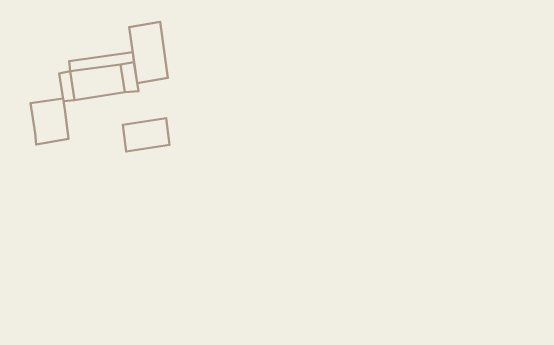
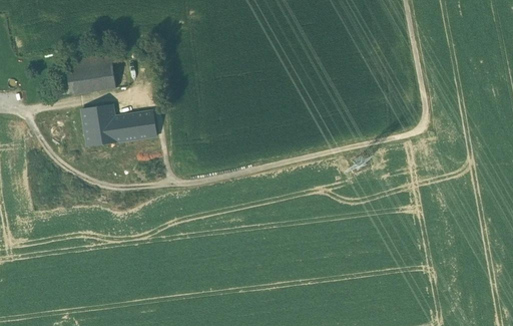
building: [129,22,168,83] -> none
building: [31,99,69,144] -> [82,105,116,146]

